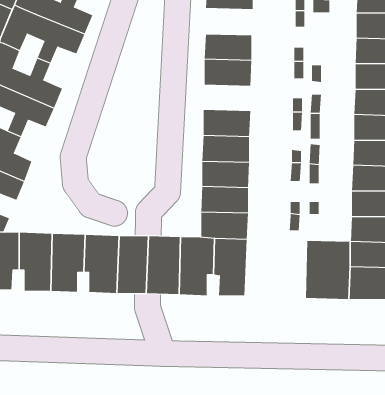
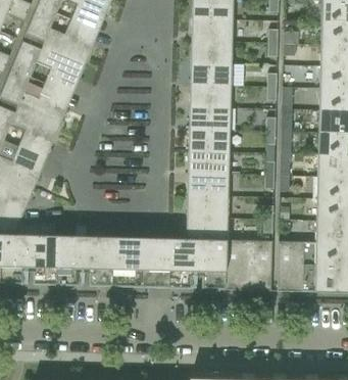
building: none -> [191,40,233,63]
building: none -> [189,106,231,129]
building: none -> [226,240,272,291]

